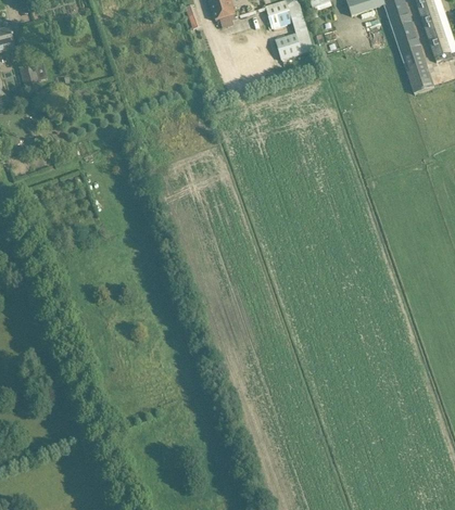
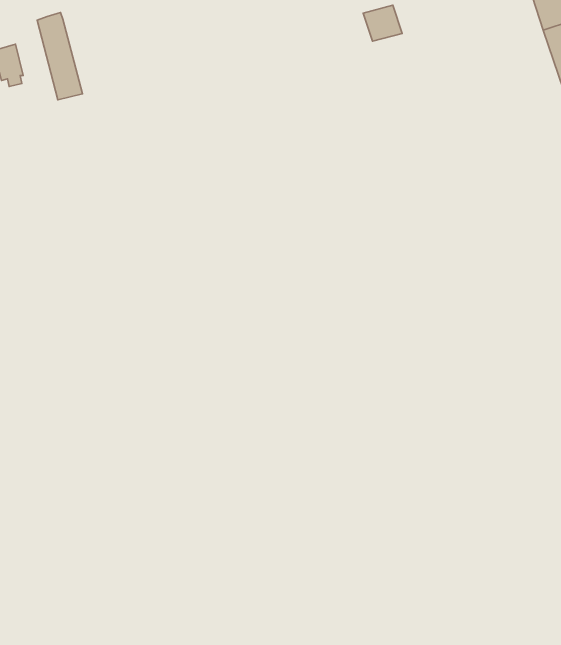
building: none -> [37,13,82,100]

